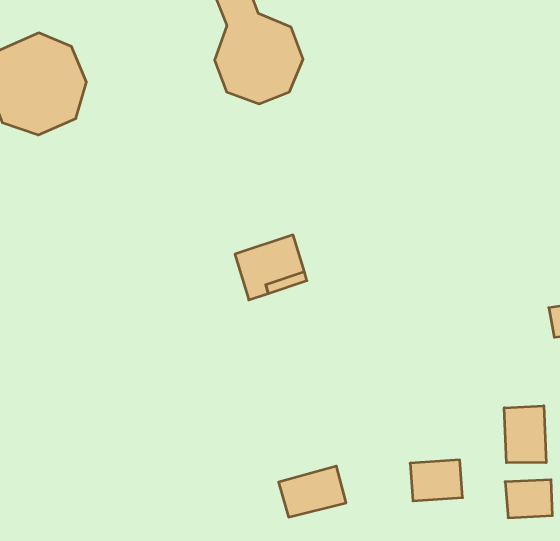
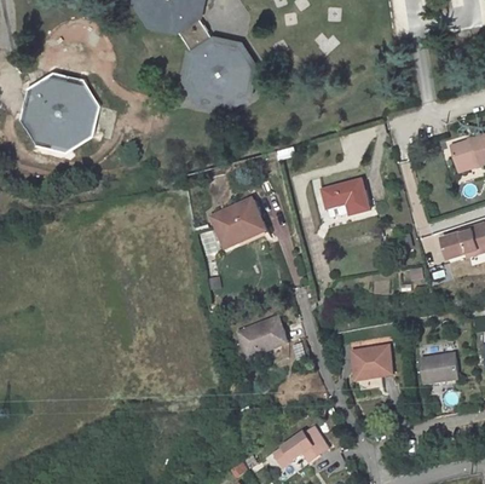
building: none -> [323,179,369,214]
building: [504,406,546,463] -> none
building: [279,466,346,517] -> [238,317,288,357]

